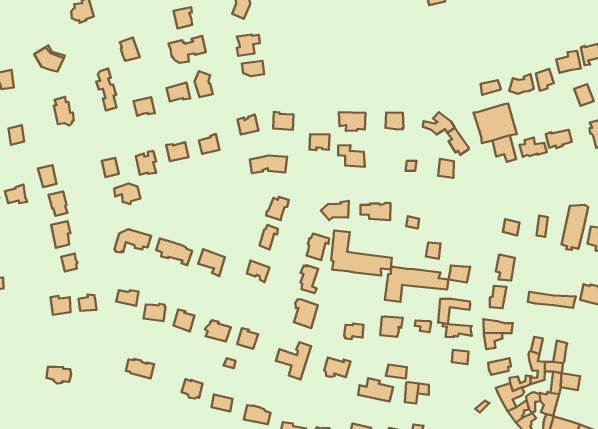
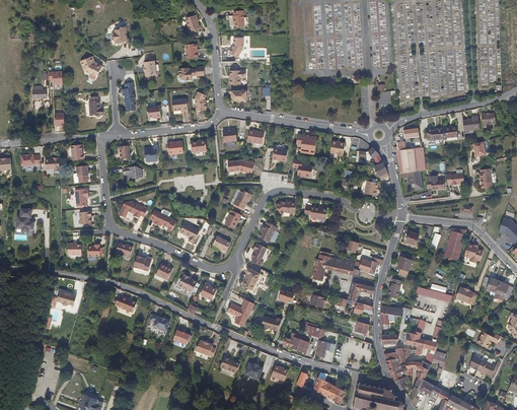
building: [331,231,392,276] -> none

